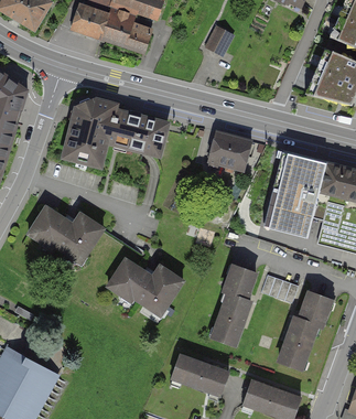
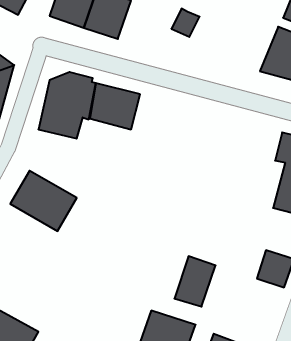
building: [204,128,255,170] -> none
building: [263,148,326,236] -> none
building: [104,257,185,325] -> none
building: [217,264,256,301] -> none
building: [261,273,299,302] -> none
building: [274,315,321,372] -> none

